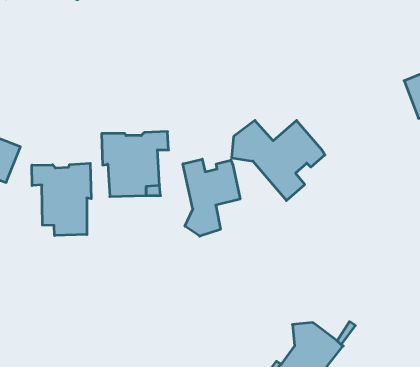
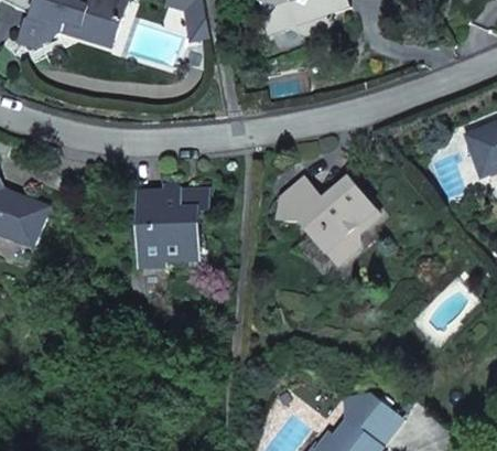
building: [183,159,240,236] -> none
building: [32,163,91,236] -> none

